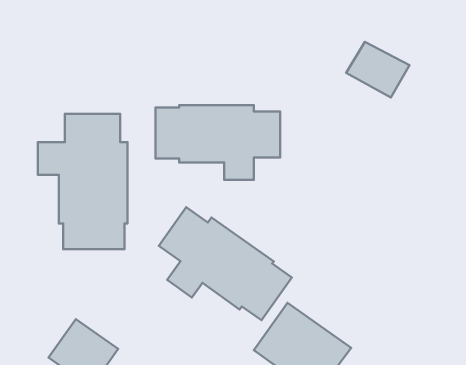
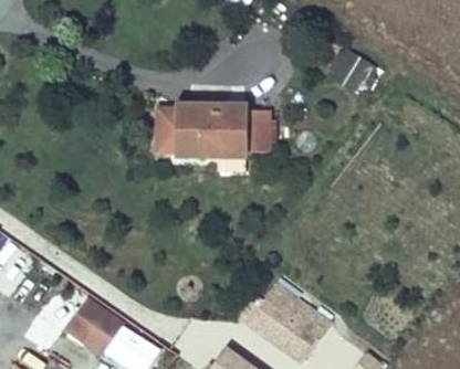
building: [38,114,128,249] -> none
building: [159,207,292,320] -> none

